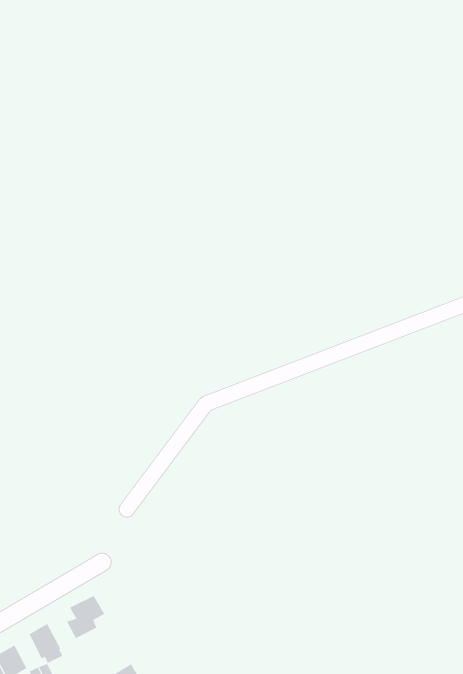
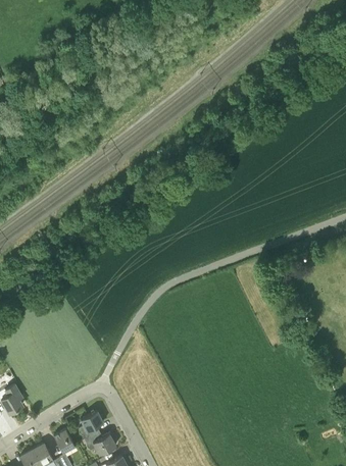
building: none -> [84,431,115,454]

